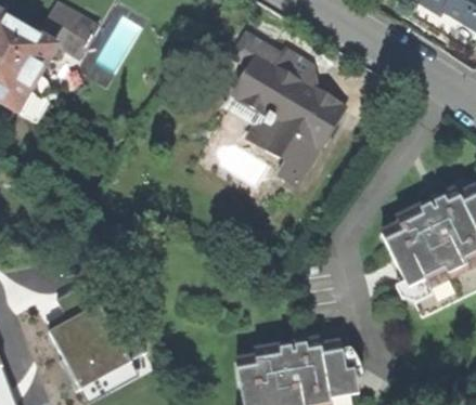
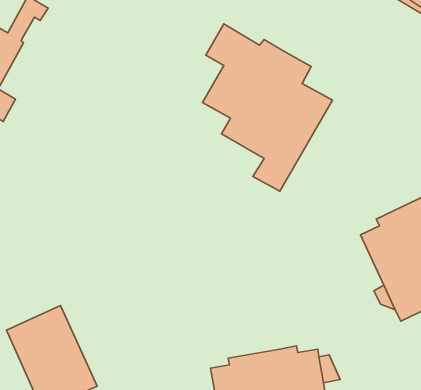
building: [53,10,98,53] -> none

